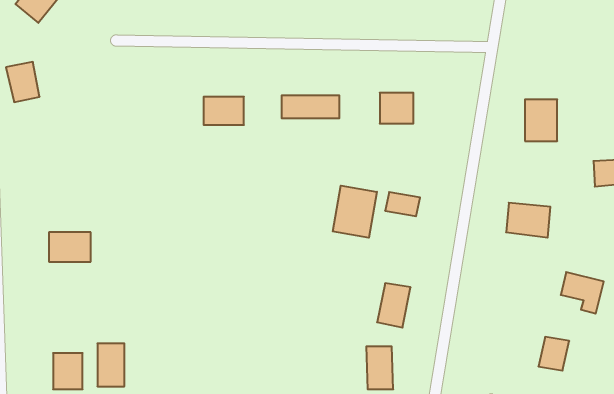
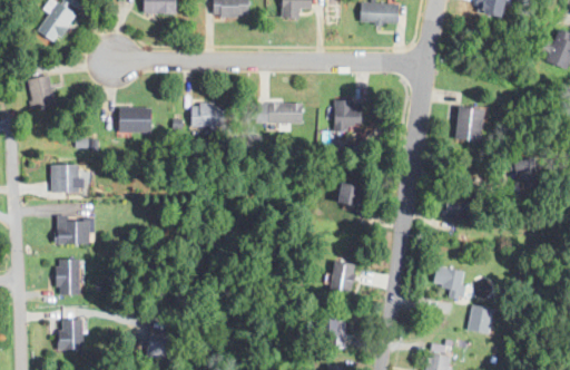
building: none -> [115,108,150,134]
building: none -> [55,164,83,192]
building: [333,186,377,238] -> none
building: [561,272,604,314] -> [430,264,465,299]
building: [97,343,124,386] -> [62,259,85,294]

